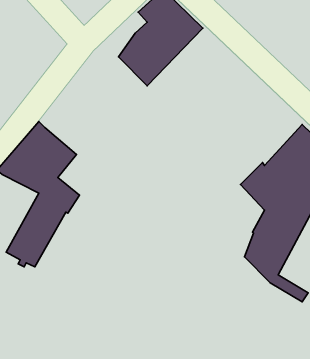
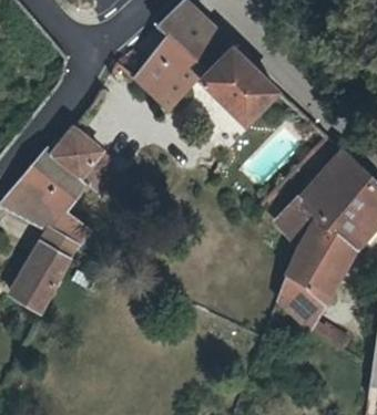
building: none -> [203,48,278,121]
building: none -> [54,128,112,190]

